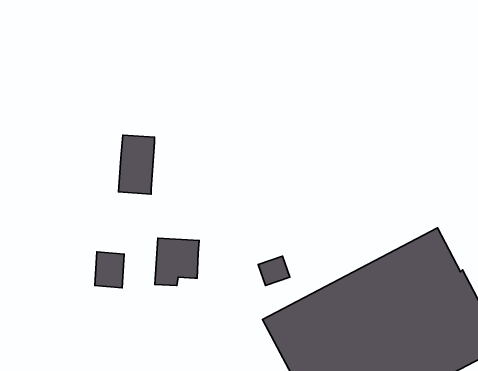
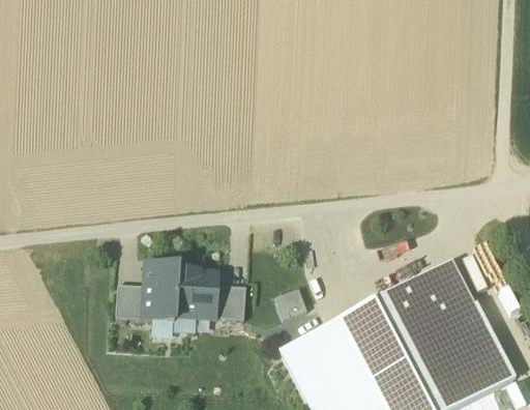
building: [119,135,154,194] -> [142,263,177,321]
building: none -> [213,285,245,319]

